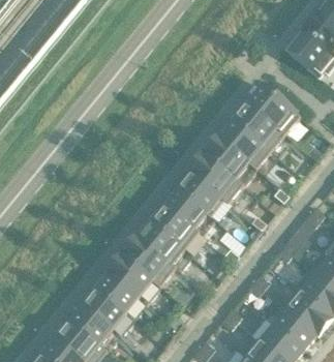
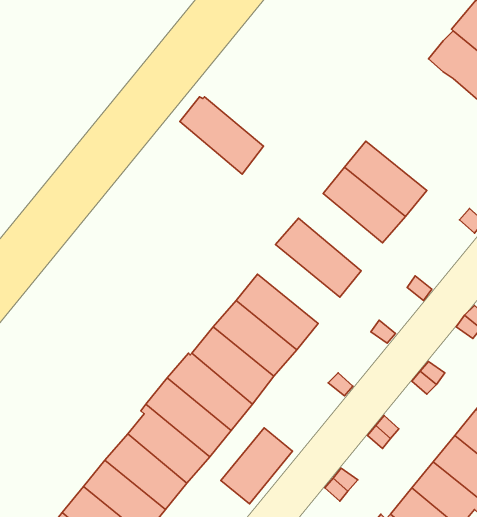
building: [244,85,297,133] -> none
building: [202,135,254,184] -> [180,97,264,174]
building: [176,168,227,217] -> none
building: none -> [221,428,293,504]

